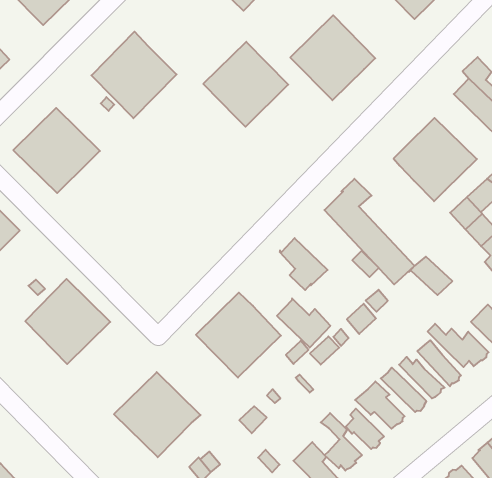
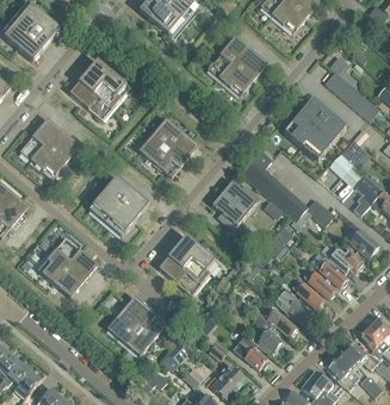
building: [203,42,288,127] -> [138,118,198,177]
building: none -> [89,176,149,237]
building: [277,298,330,348] -> [222,181,260,214]

